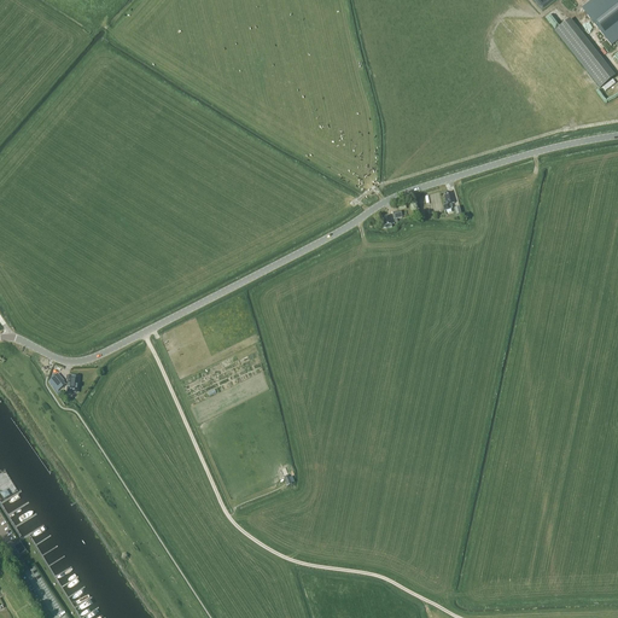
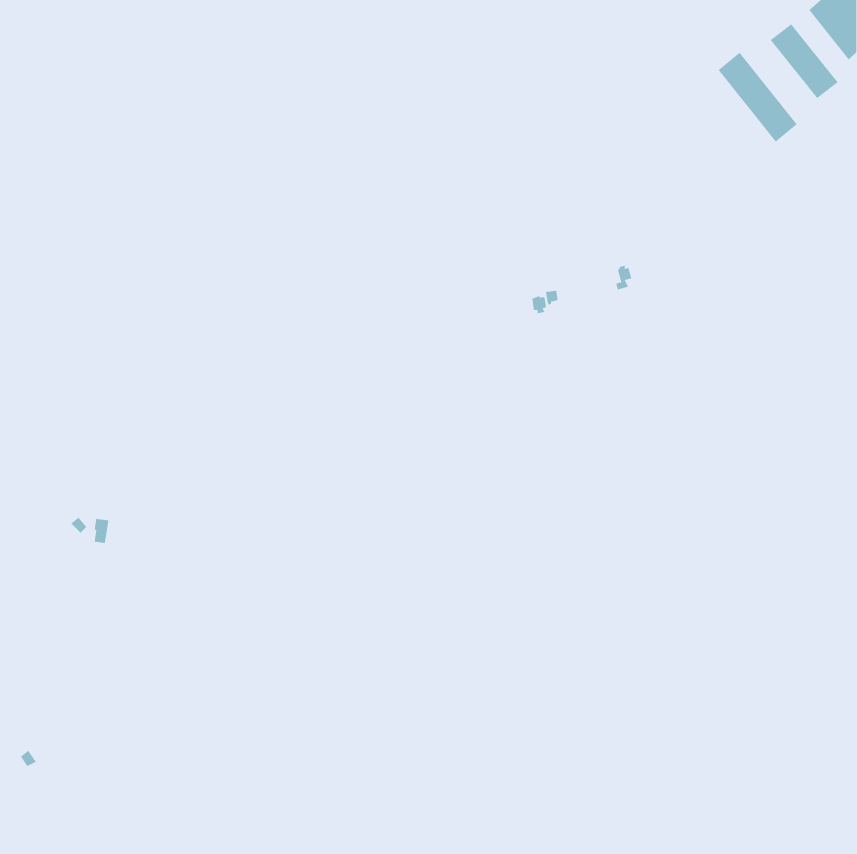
building: none -> [718,52,798,143]

